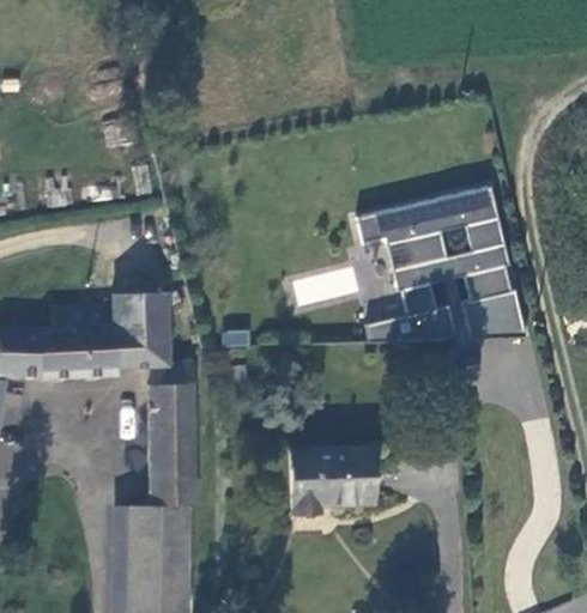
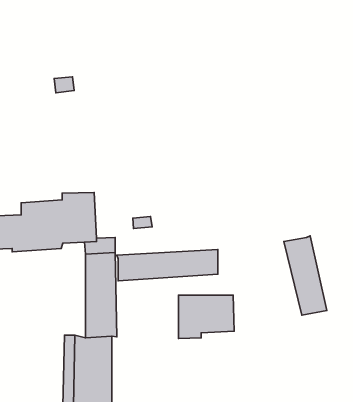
building: [358,186,527,340] -> none
building: none -> [284,236,327,315]
building: none -> [117,250,218,281]

